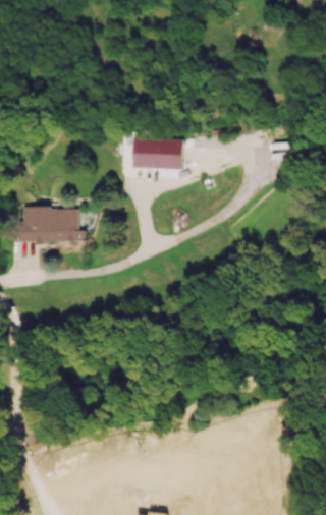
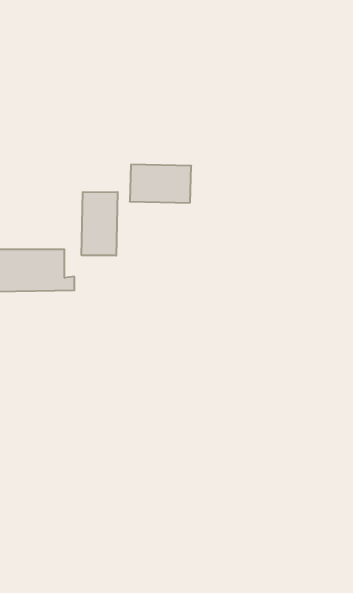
building: none -> [82,192,118,256]

